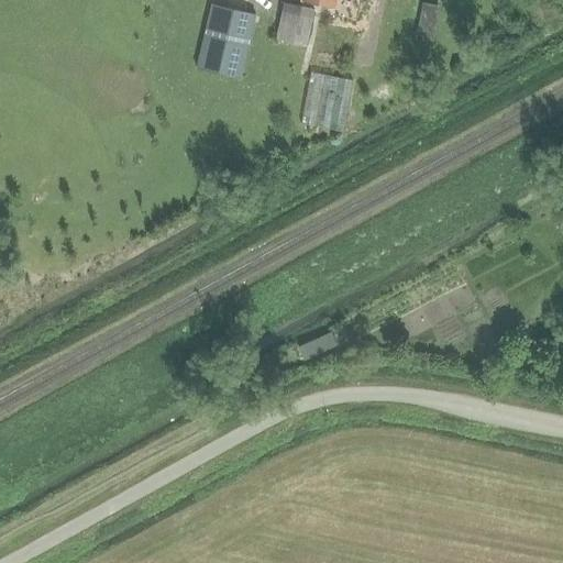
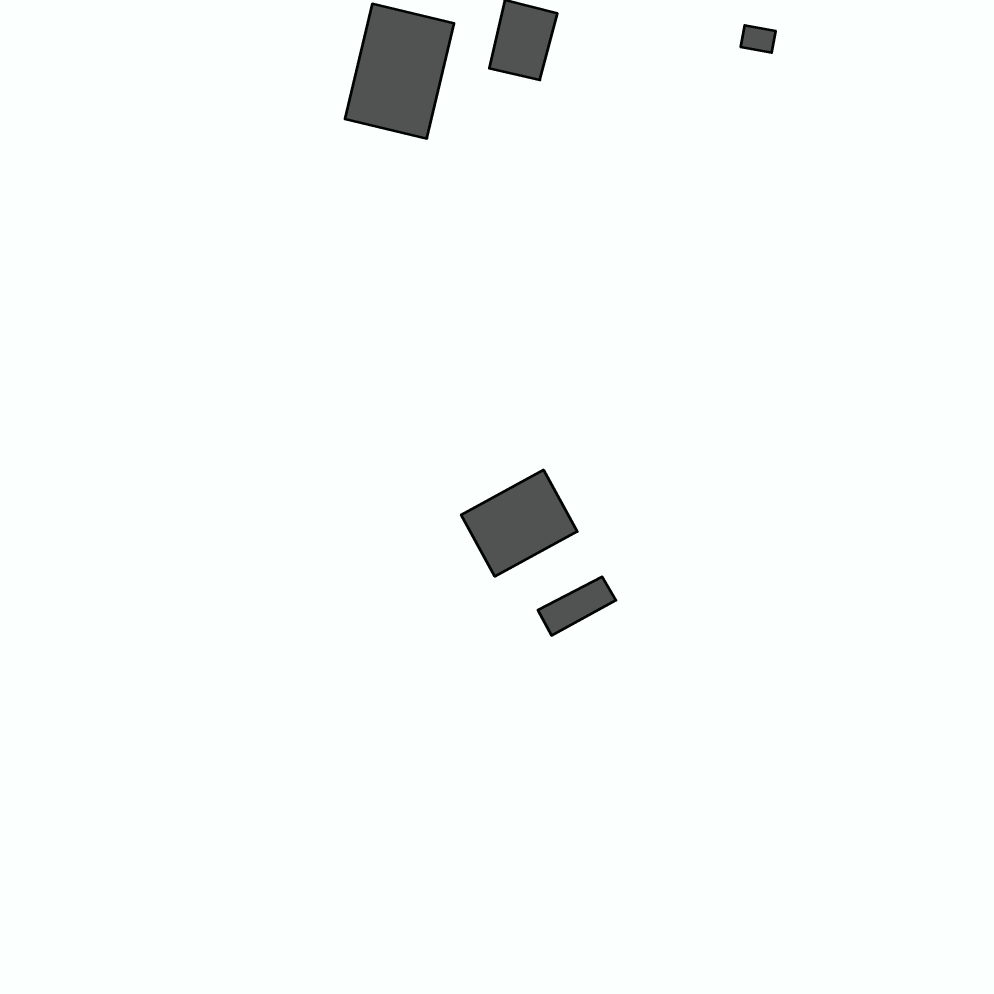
building: [301,71,351,130] -> none
building: none -> [461,470,577,576]

